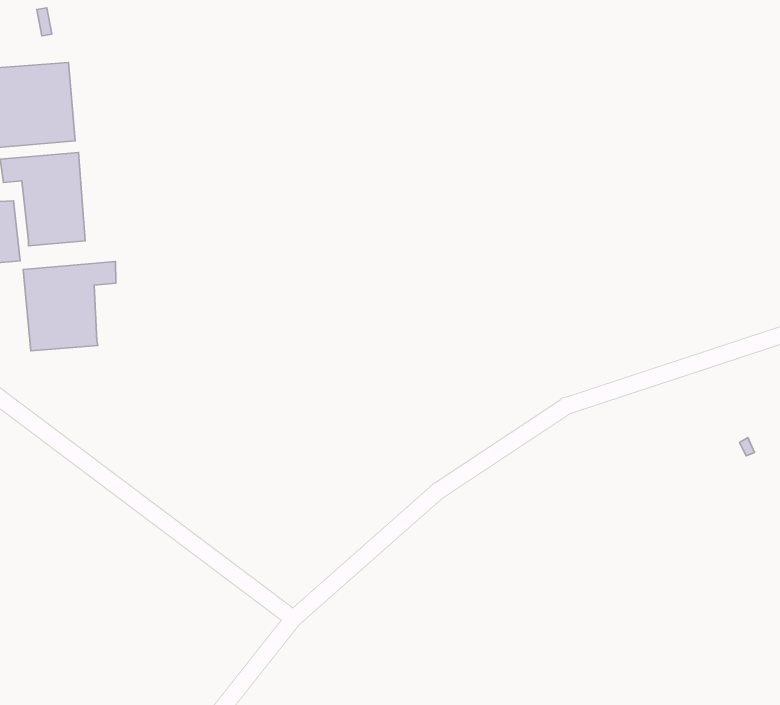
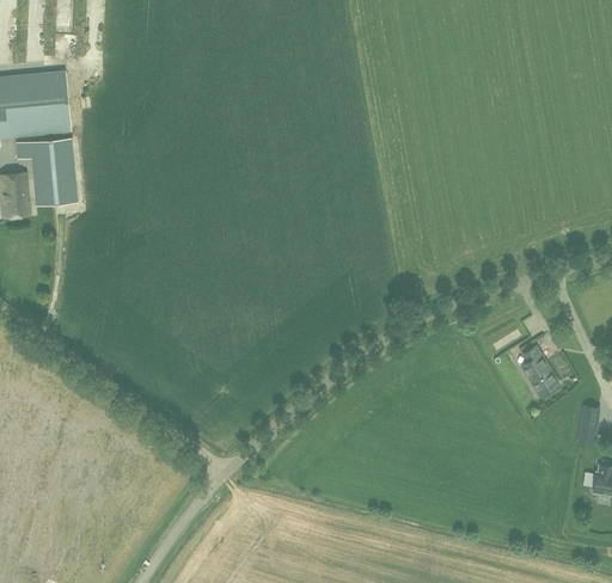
building: [23,261,116,351] -> none
building: none -> [521,345,556,394]

